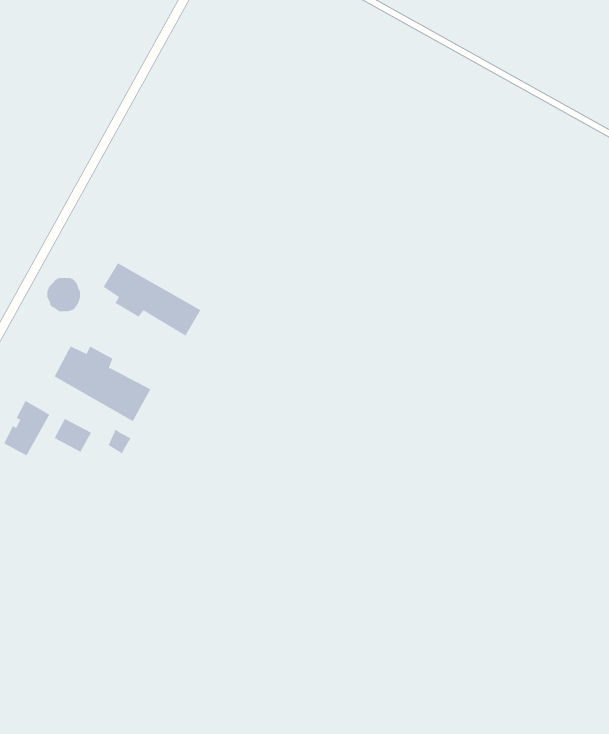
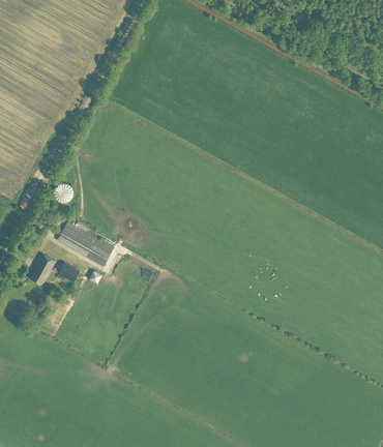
building: [103,262,201,337] -> none

